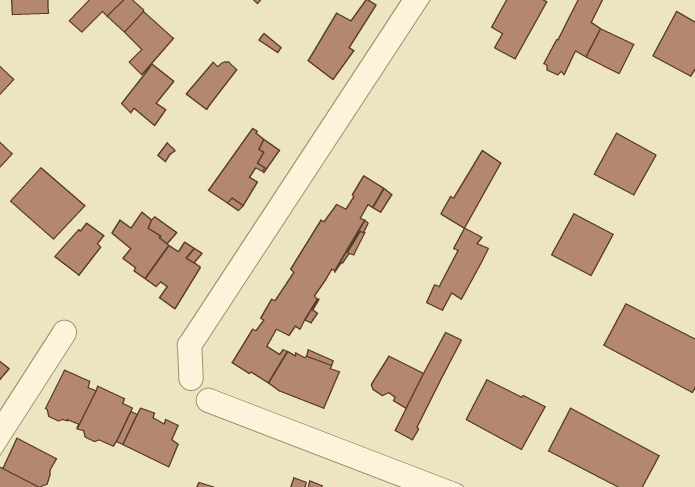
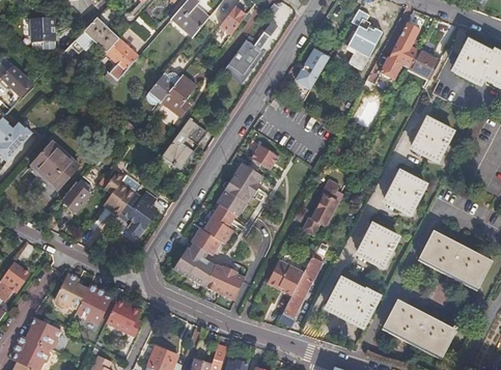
building: [122,64,174,126] -> [161,74,195,114]
building: [441,151,501,228] -> [287,49,327,99]
building: none -> [357,224,398,264]

